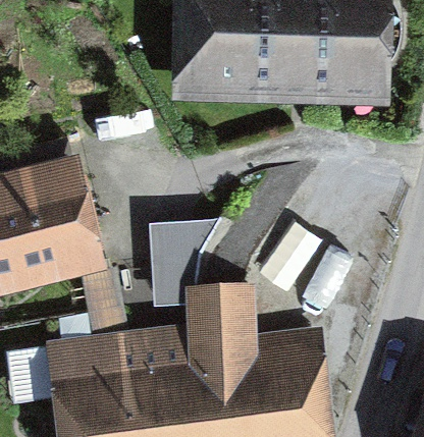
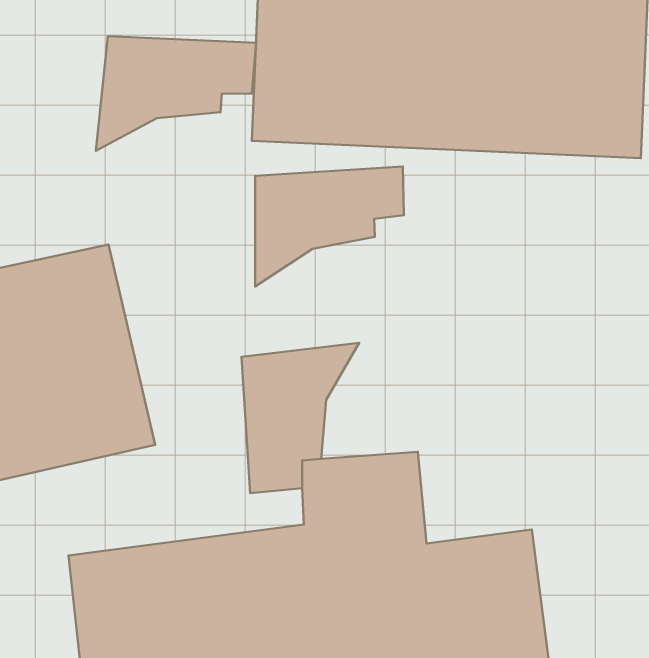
building: none -> [96,36,256,151]
building: none -> [255,167,404,287]

